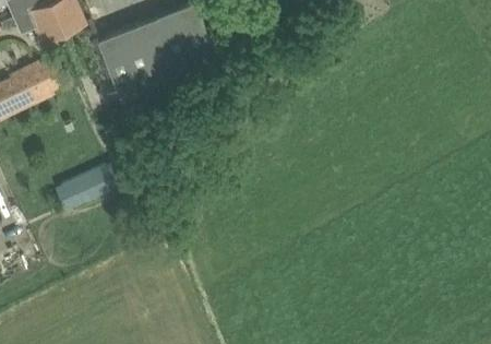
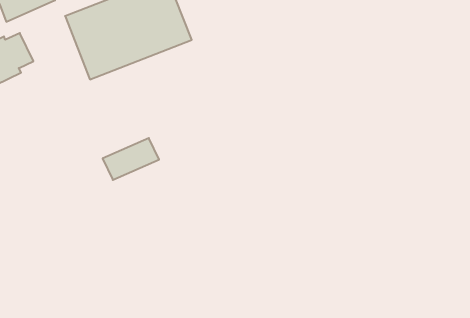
building: [59,166,113,206] -> [103,138,159,180]

